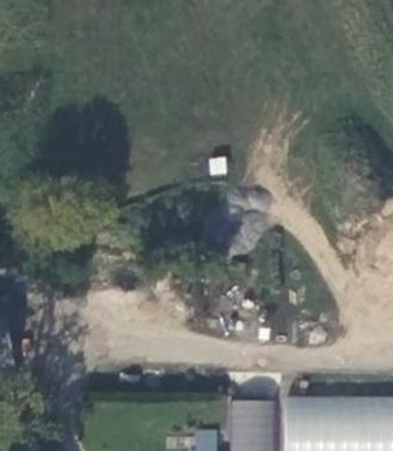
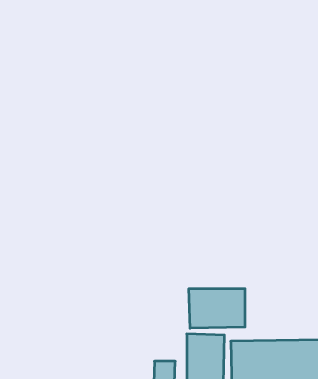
building: none -> [189,289,245,328]

